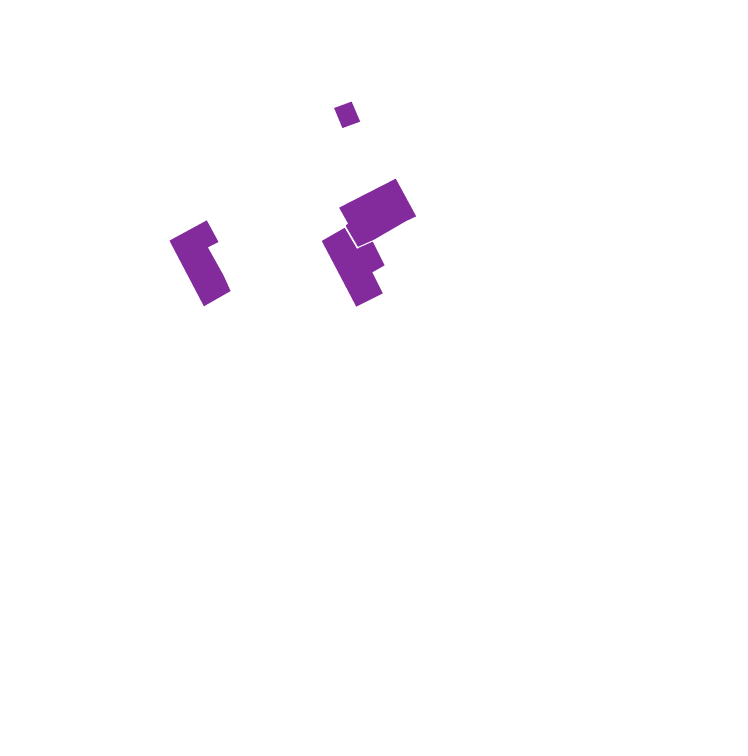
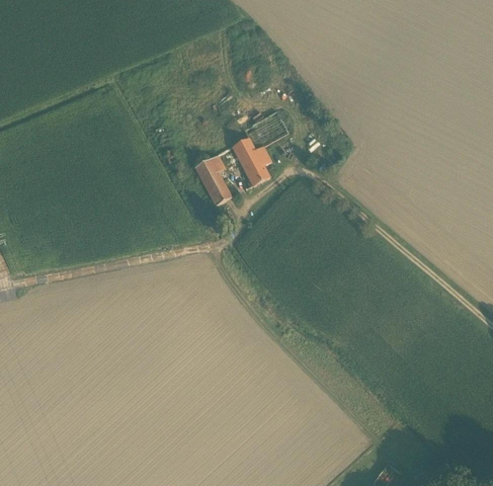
building: [169,220,232,307] -> [195,155,232,206]

